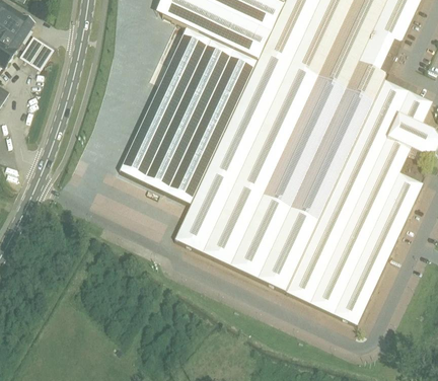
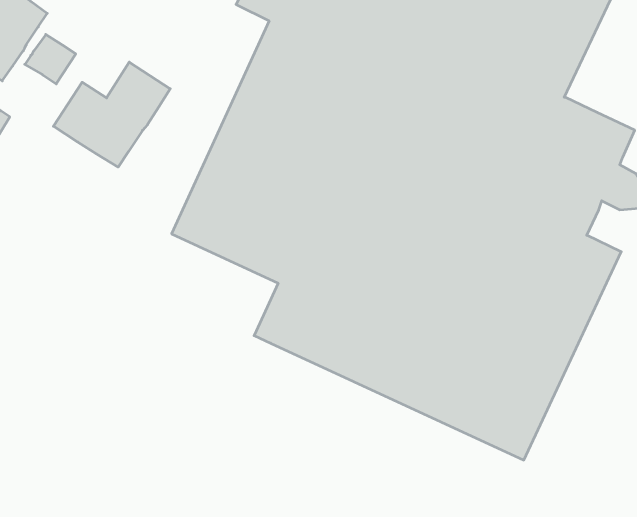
building: none -> [53,62,170,167]

